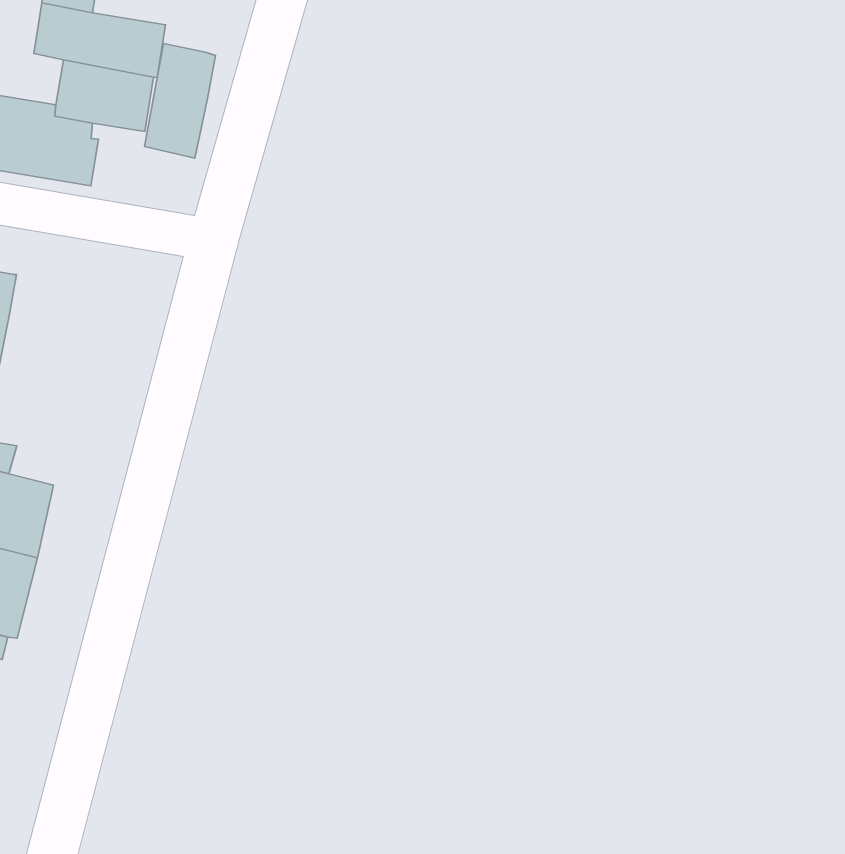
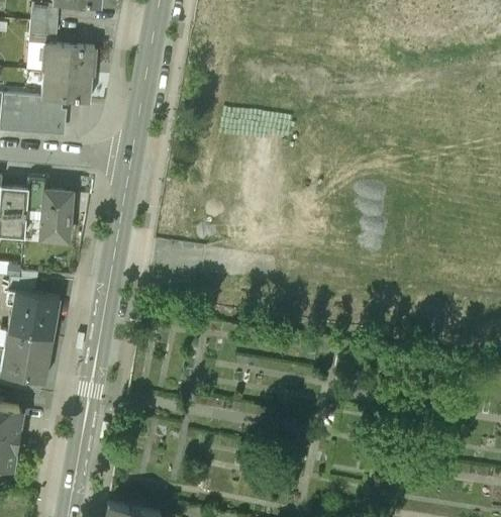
building: [144,44,216,158] -> none
building: none -> [27,177,73,238]

